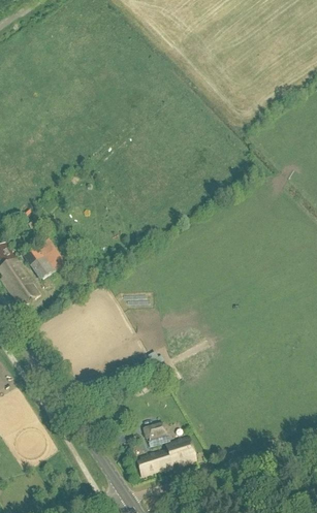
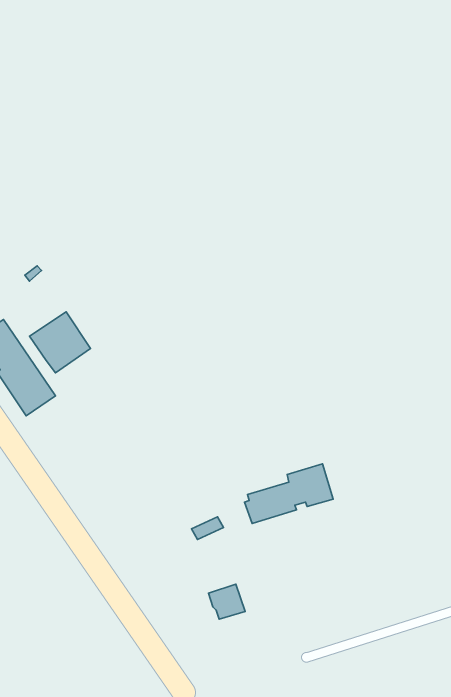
building: [136,437,196,477] -> [244,464,333,523]

